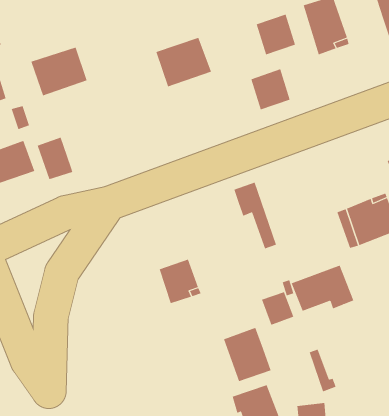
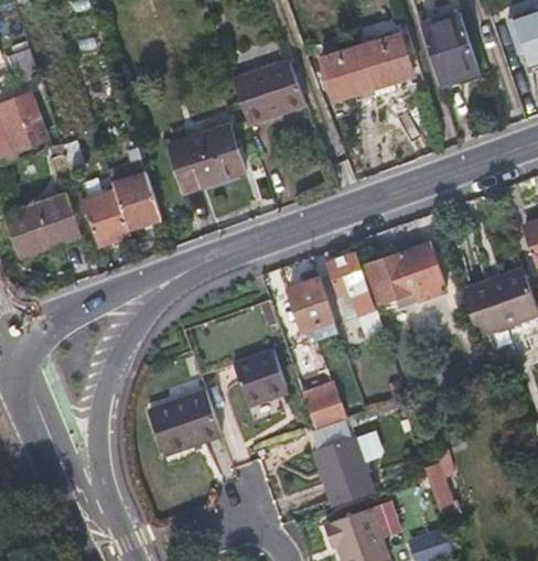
building: [30,47,88,96] -> [166,130,239,193]
building: [251,69,290,110] -> [320,48,370,101]
building: none -> [108,174,158,230]
building: none -> [290,274,335,326]
building: [291,265,354,312] -> [366,241,446,301]
building: [261,292,294,325] -> [303,385,345,428]
building: none -> [152,393,226,460]

